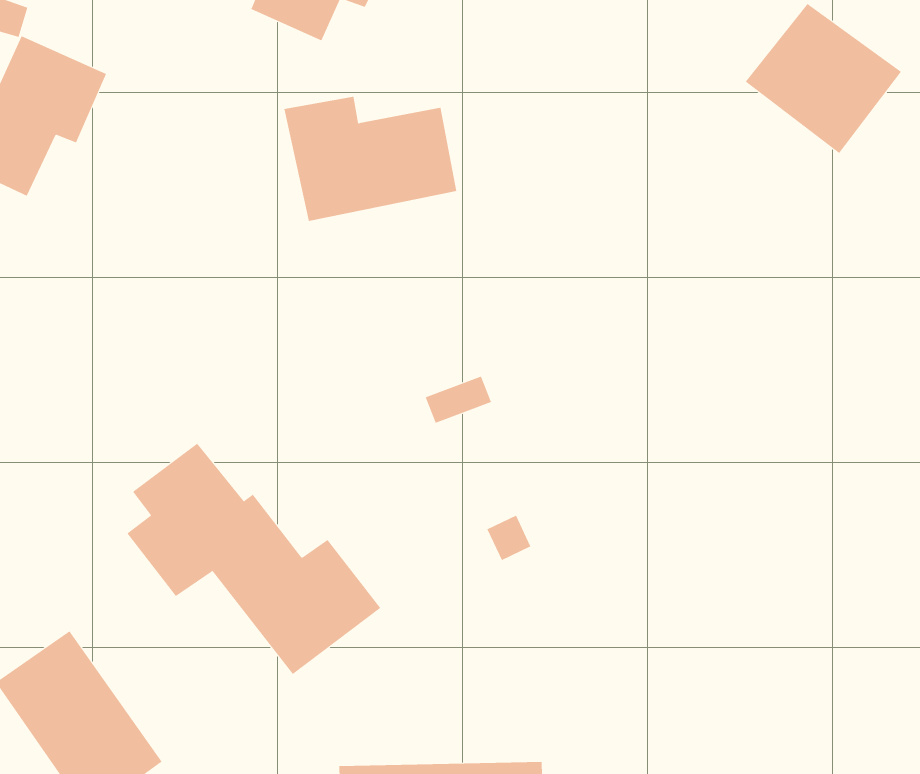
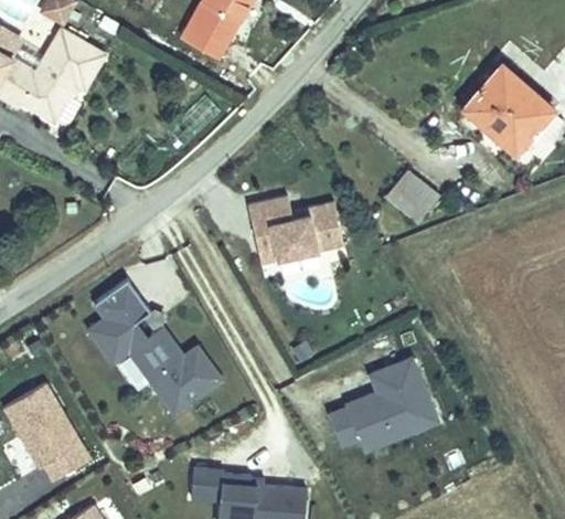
building: [283,96,457,221] -> [248,192,342,261]
building: none -> [382,171,435,224]
building: none -> [327,354,440,452]

